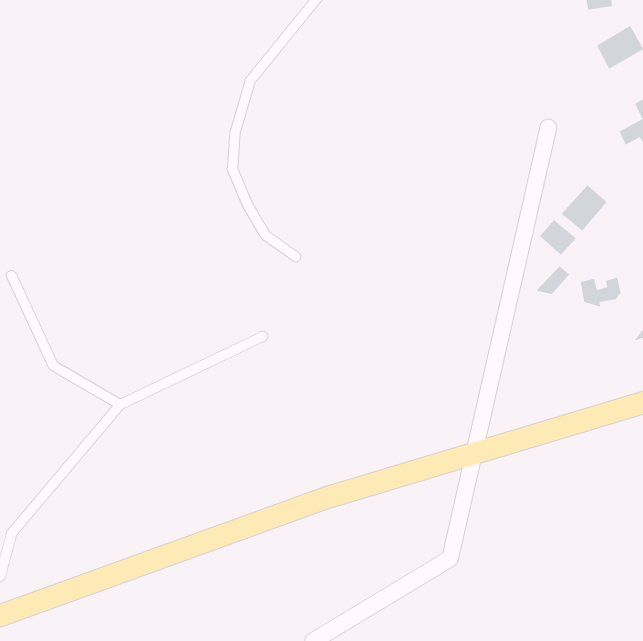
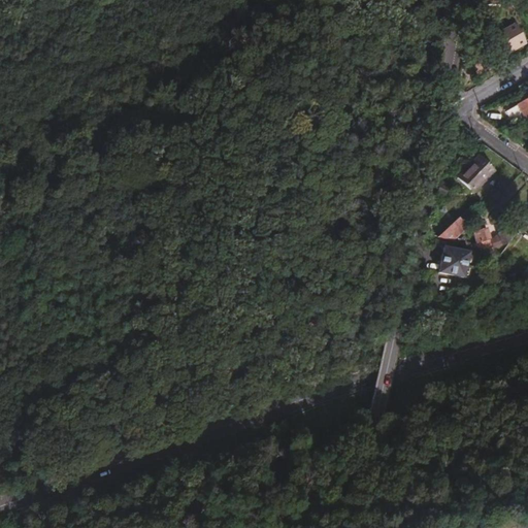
building: [539,219,577,255] -> none
building: none -> [441,248,471,277]

